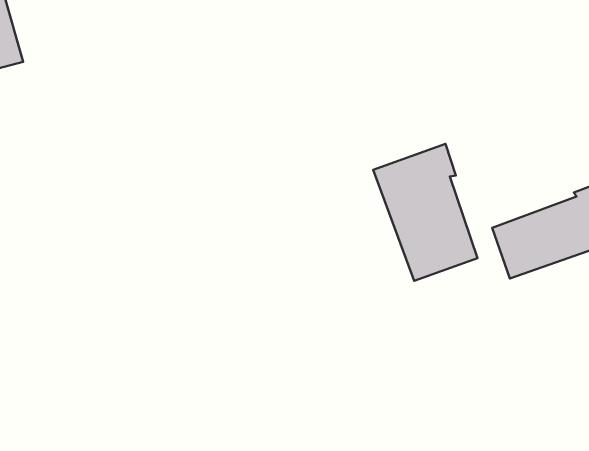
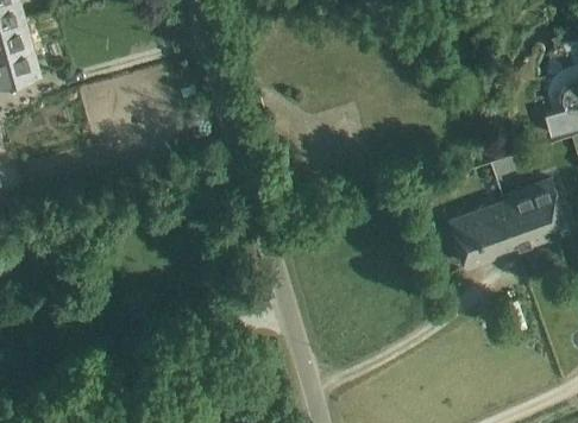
building: [373,144,478,281] -> none

